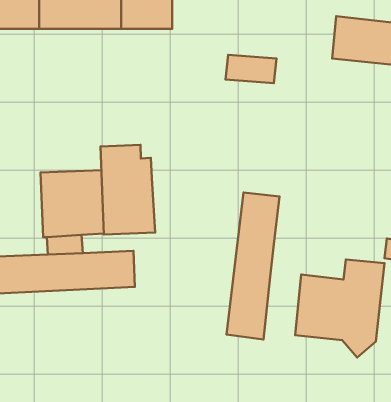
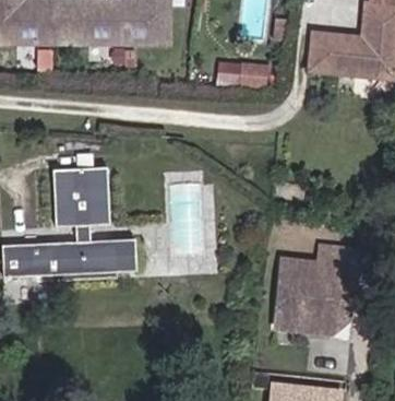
building: [100,145,155,234] -> none
building: [227,193,279,340] -> none

